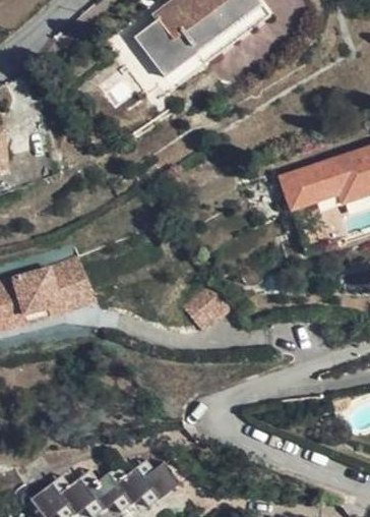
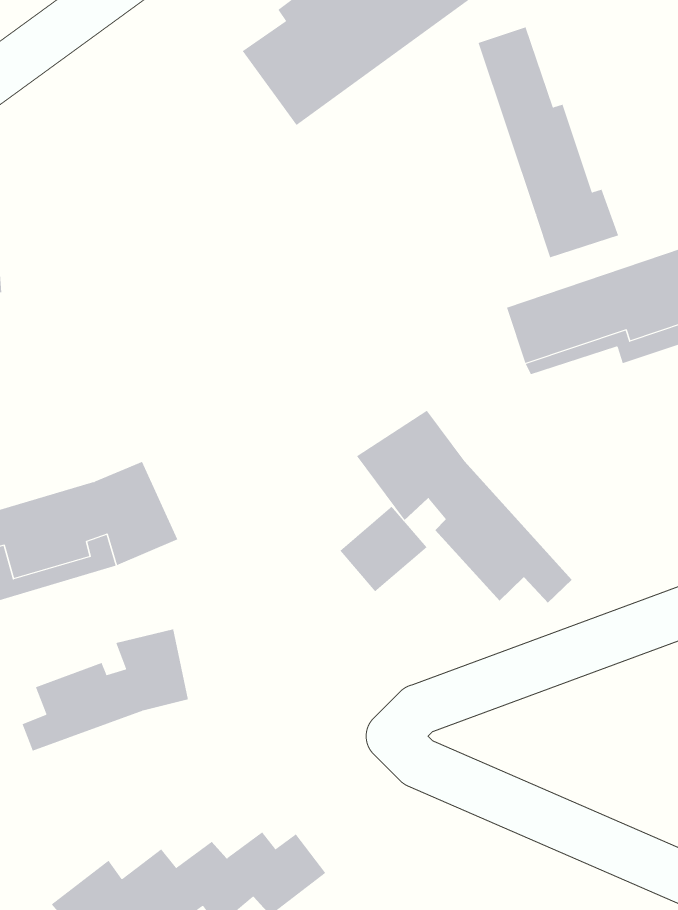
building: none -> [478,26,619,258]
building: none -> [356,410,573,604]
building: none -> [22,628,189,751]

